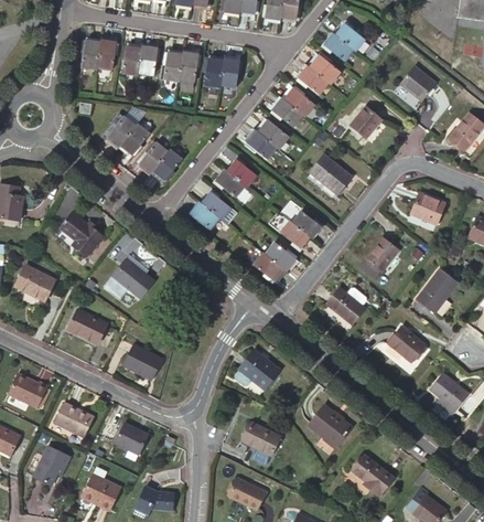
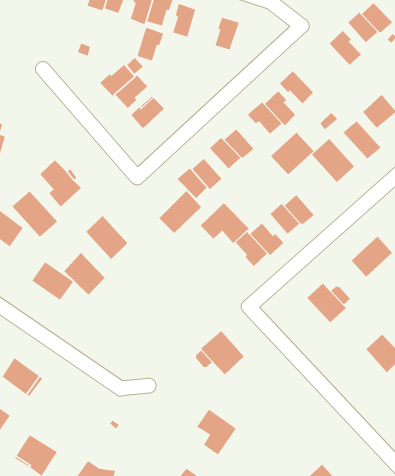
building: [179,51,201,82] -> [137,27,164,61]
building: [219,57,241,87] -> none
building: [295,64,329,94] -> none
building: [282,84,314,116] -> none
building: none -> [343,121,381,159]
building: [152,148,182,181] -> none
building: none -> [270,132,314,175]
building: none -> [159,190,202,234]
building: none -> [200,203,249,244]
building: none -> [12,190,58,237]
building: [123,347,163,385] -> [63,252,106,295]
building: [308,403,349,443] -> none
building: [112,425,147,457] -> none

